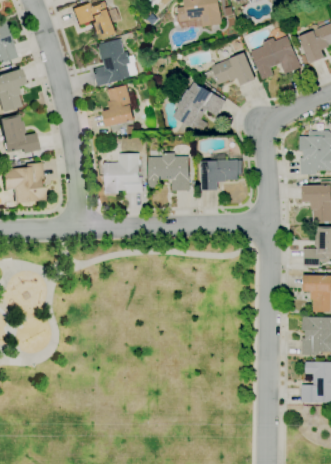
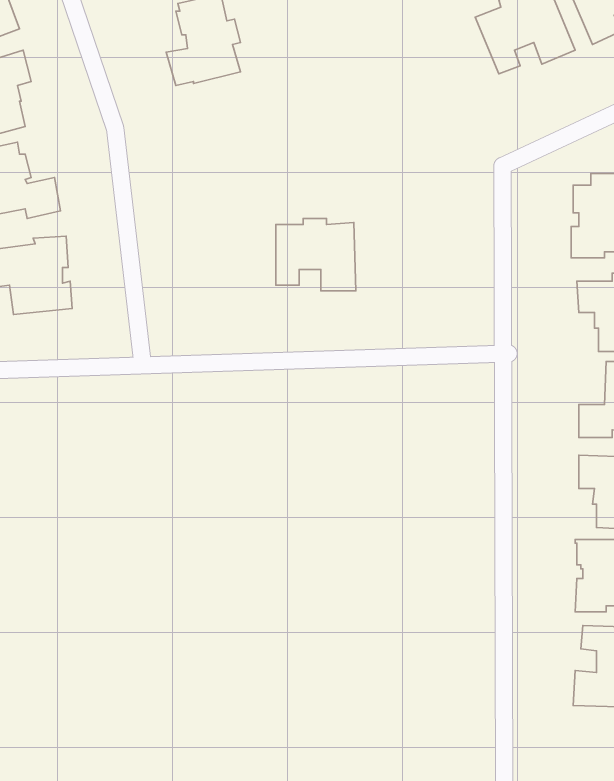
building: [212,52,258,85] -> none
building: [175,81,227,132] -> none
building: [104,85,139,127] -> none
building: [106,153,145,194] -> none
building: [203,155,244,190] -> none

